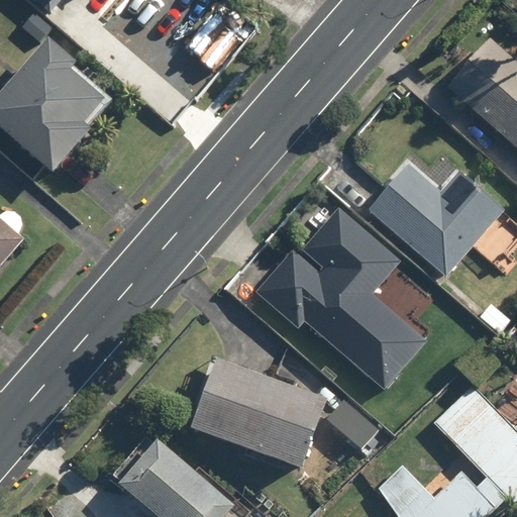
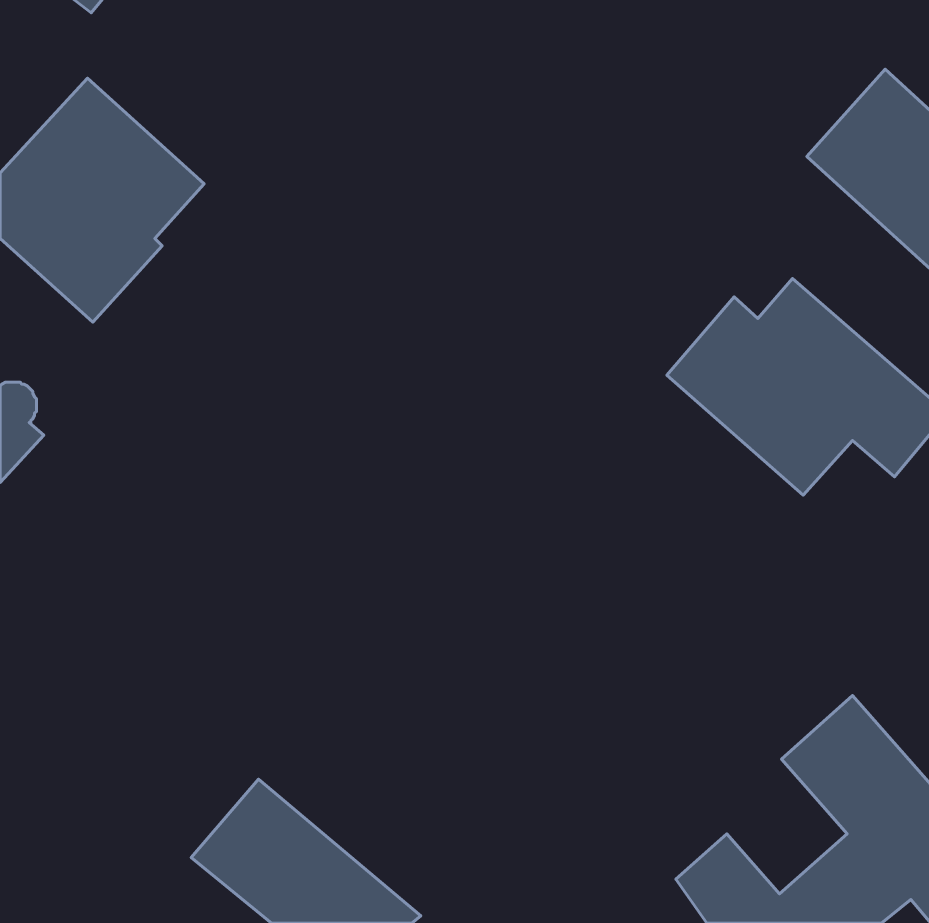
building: [257,206,426,389] -> none
building: [186,357,325,472] -> none

